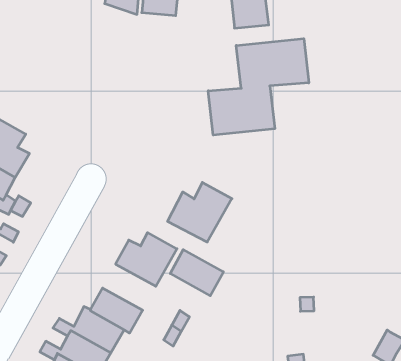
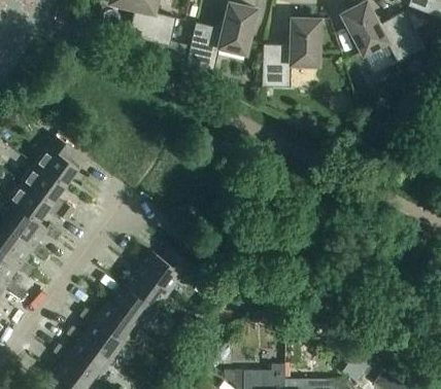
building: [208,39,309,135] -> none
building: [168,182,232,242] -> none
building: [170,250,223,296] -> [125,270,169,311]

